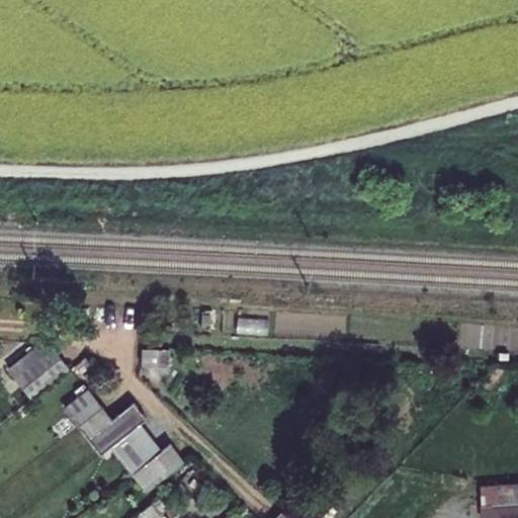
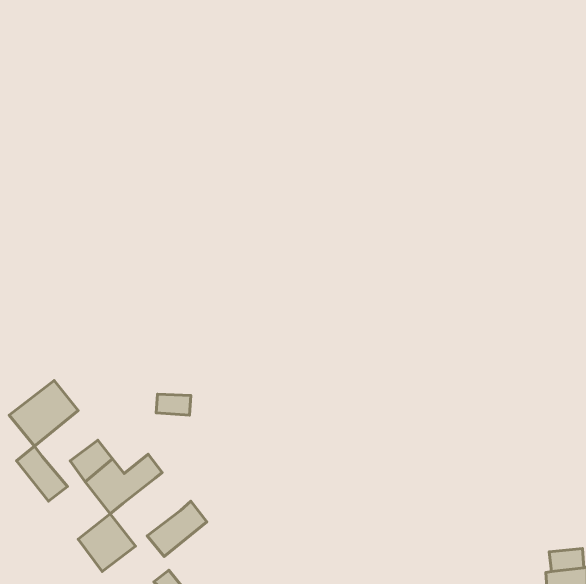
building: none -> [16,446,67,501]
building: [109,424,160,474] -> [78,514,136,571]

